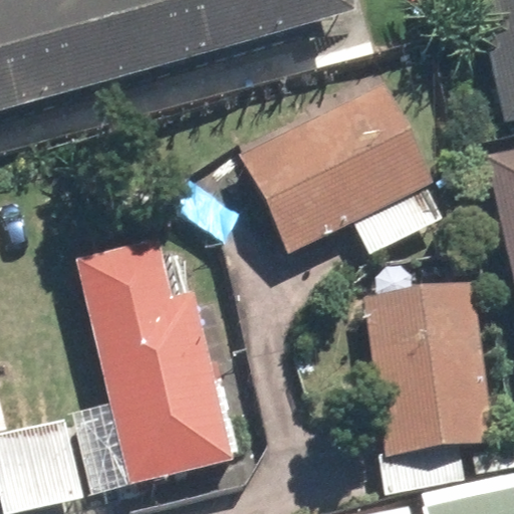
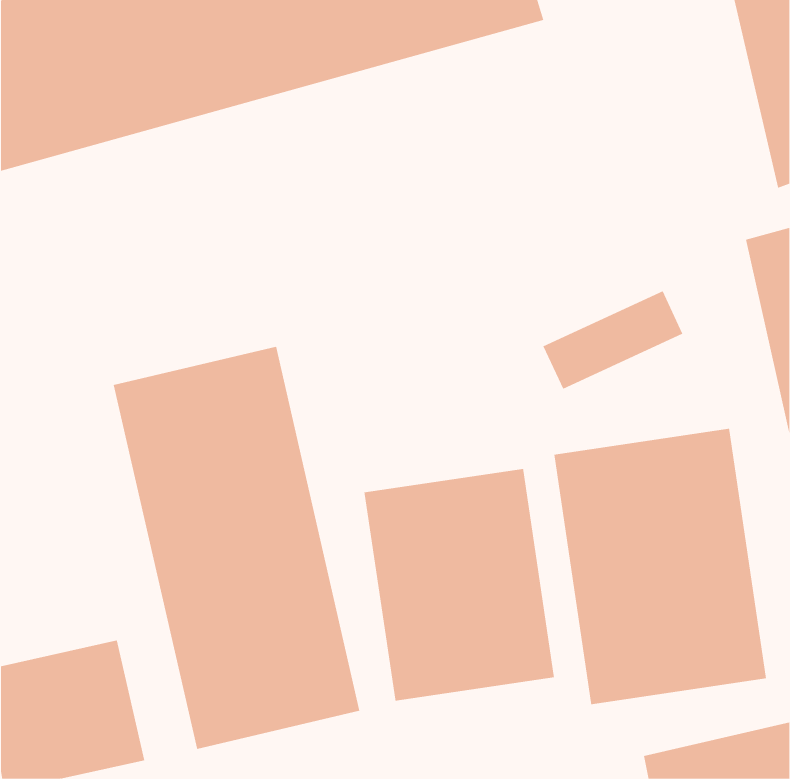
building: [238,80,434,252] -> none
building: none -> [364,468,555,701]

